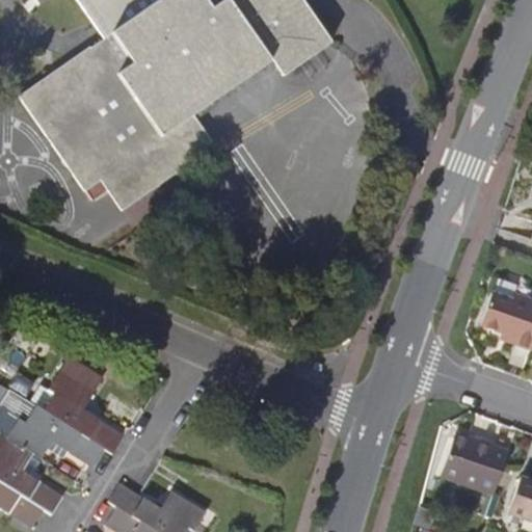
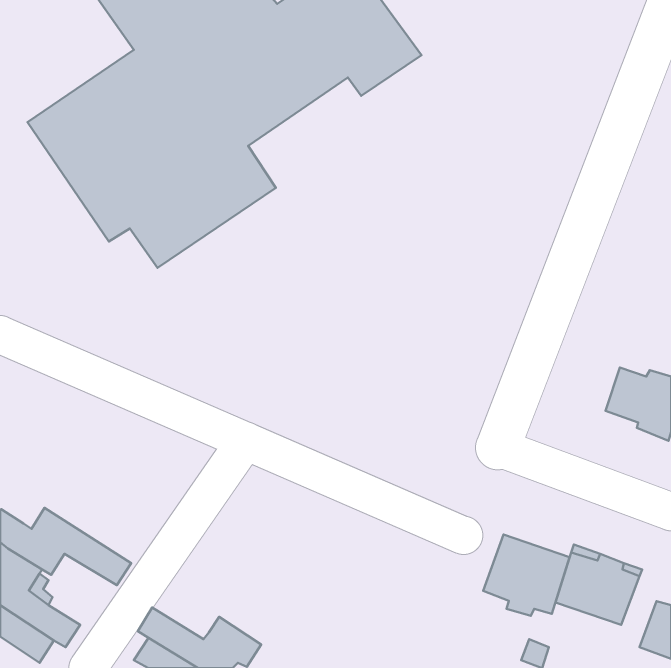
building: [29,354,125,451] -> none
building: none -> [483,535,569,616]

